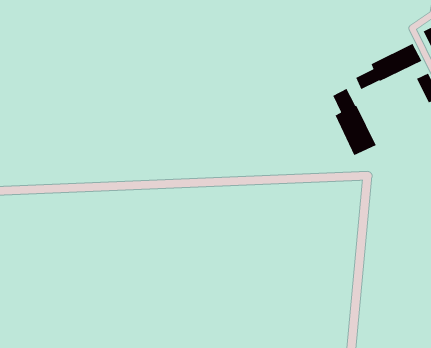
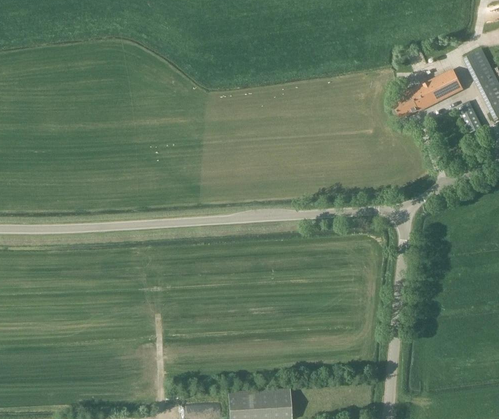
building: [332,88,377,156] -> none

